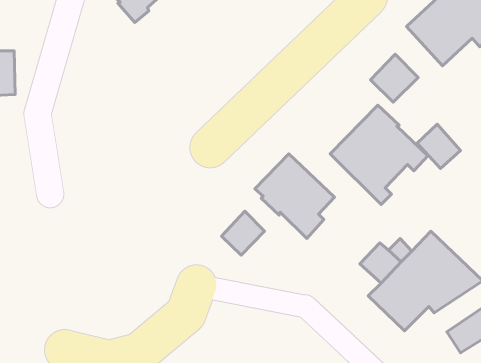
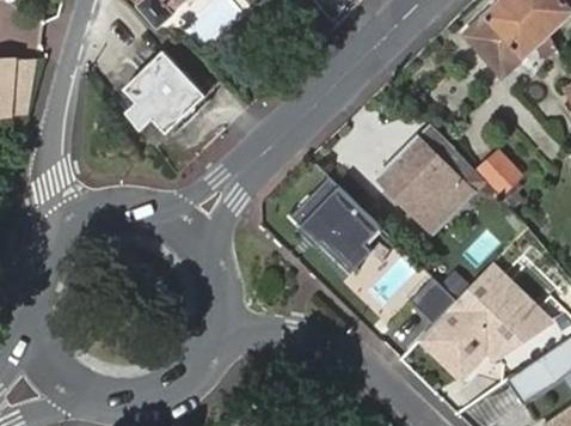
building: none -> [125,51,204,144]
building: [371,54,418,102] -> none
building: [221,211,265,255] -> none

